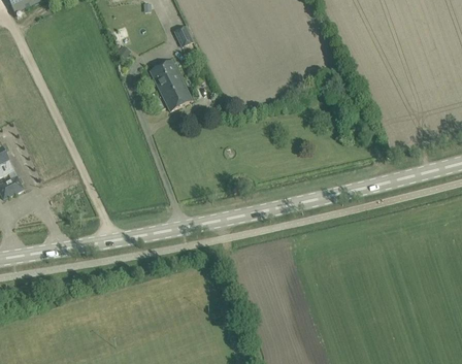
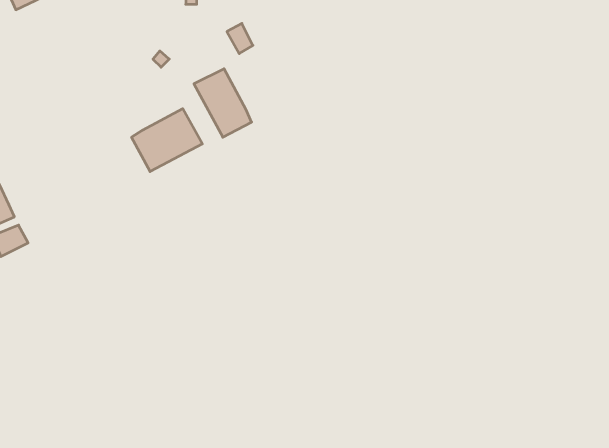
building: none -> [132,109,202,172]

